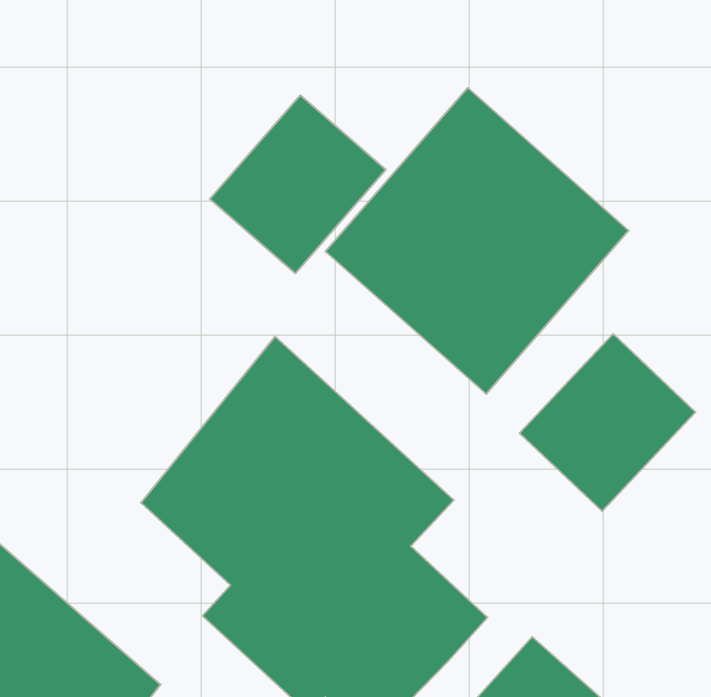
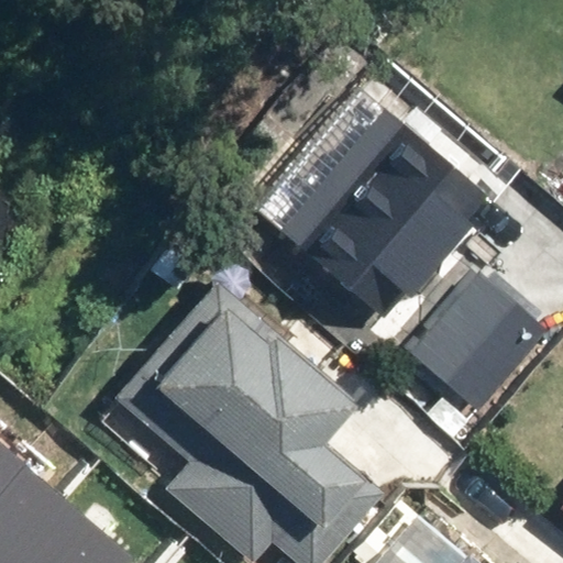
building: [210,95,386,273] -> none

